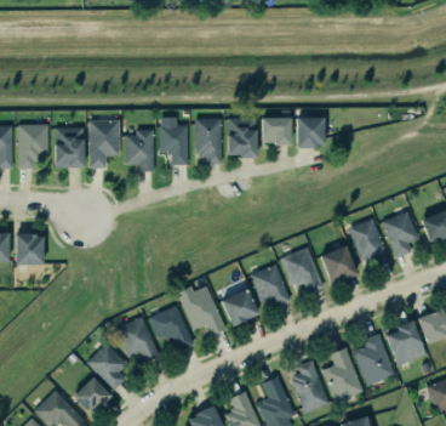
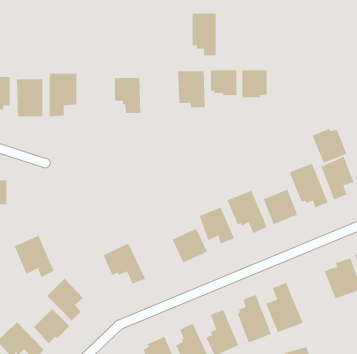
building: [194,119,221,165] -> [192,13,217,56]
building: [124,130,153,172] -> none
building: none -> [312,128,347,164]
building: [177,286,225,336] -> none
building: [114,316,158,362] -> [14,235,54,278]
building: [351,334,394,385] -> none

